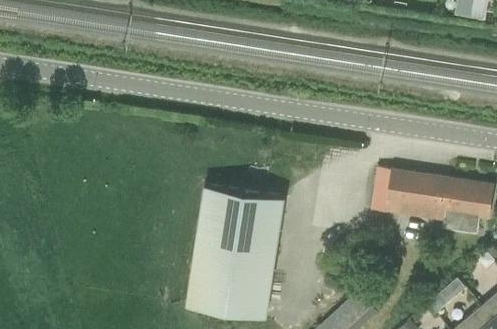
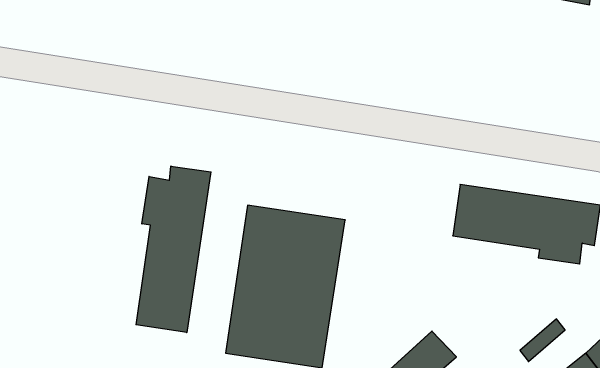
building: none -> [136,166,211,333]

